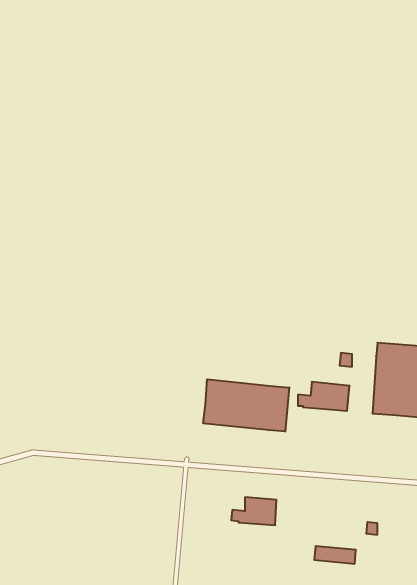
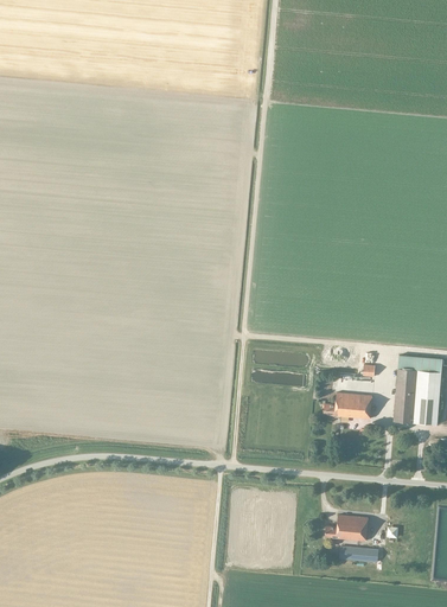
building: [203,379,289,432] -> none
building: [231,497,276,525] -> [325,516,368,542]

